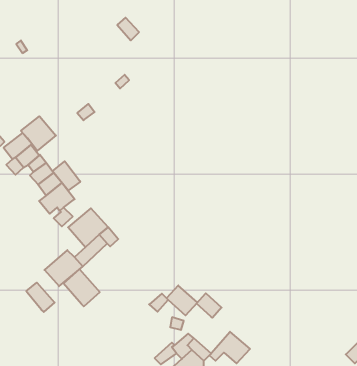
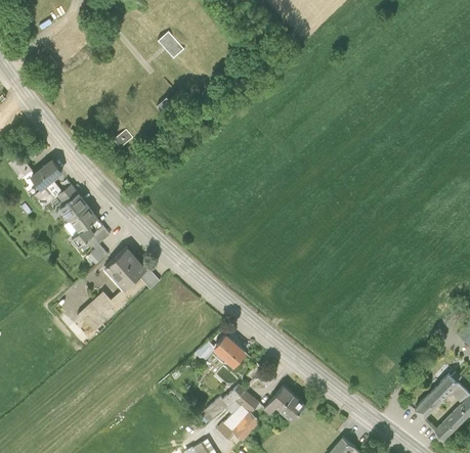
building: [21,116,56,151] -> none
building: [52,161,80,191] -> none
building: [63,269,100,306] -> none
building: [26,283,55,312] -> none
building: [197,293,222,318] -> none

